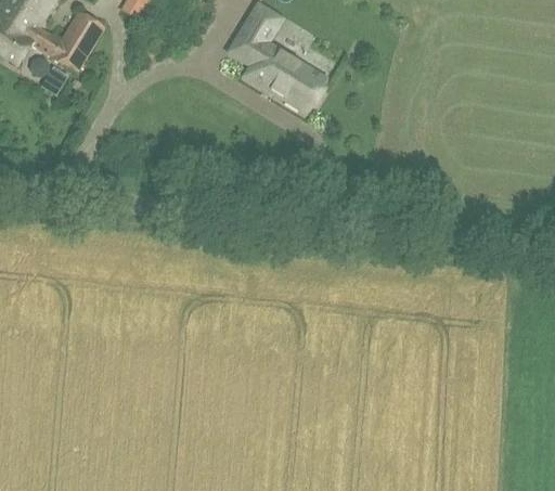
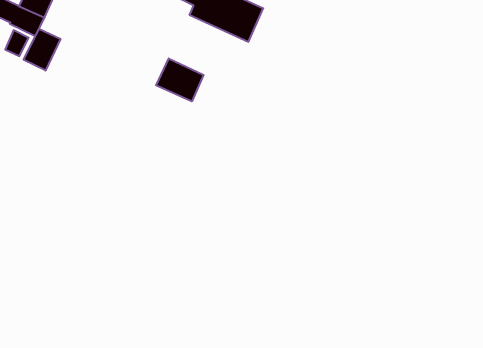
building: none -> [24,29,60,71]
building: none -> [156,58,204,101]

